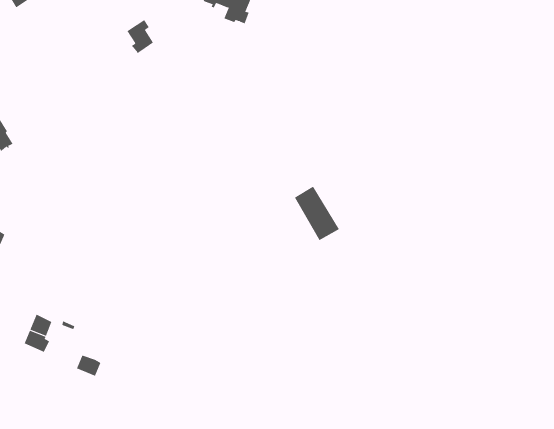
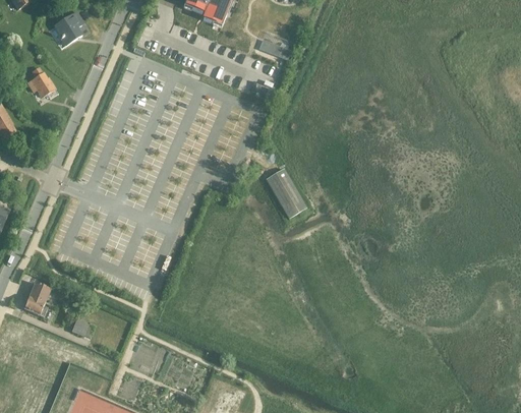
building: [126,19,154,55] -> [56,13,80,46]
building: none -> [26,67,54,97]

